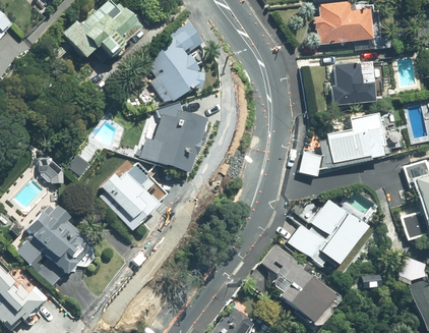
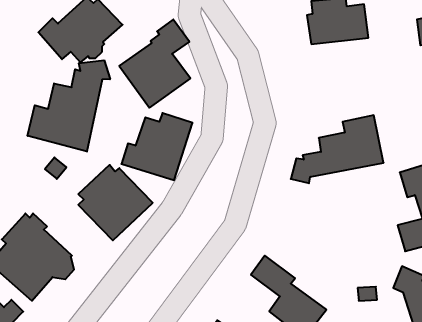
building: none -> [28,60,110,152]
building: [332,61,377,105] -> none
building: [40,157,65,182] -> none
building: [289,198,367,267] -> none

